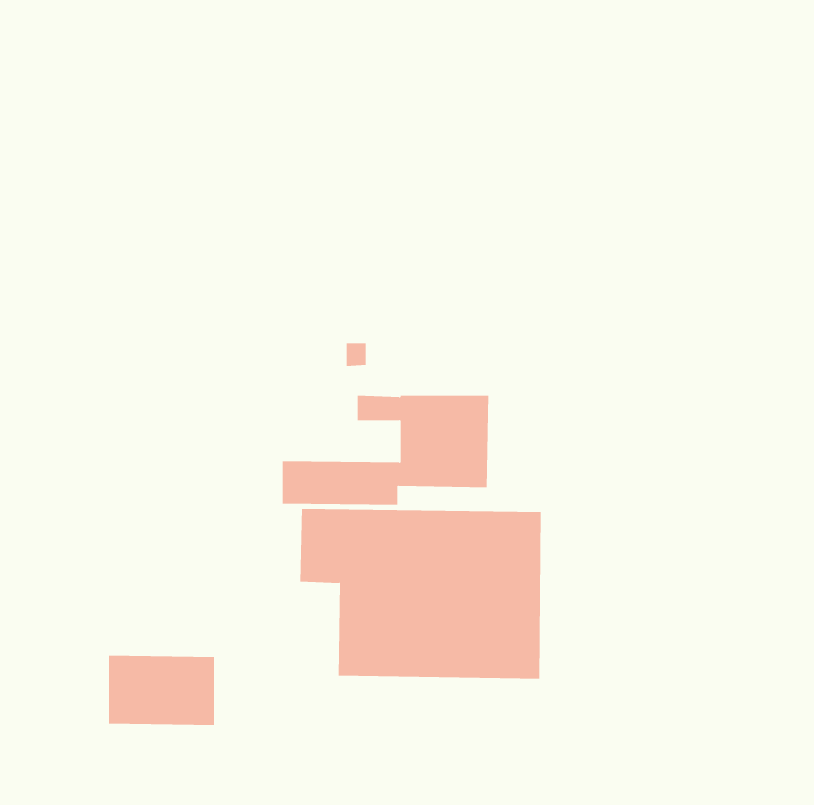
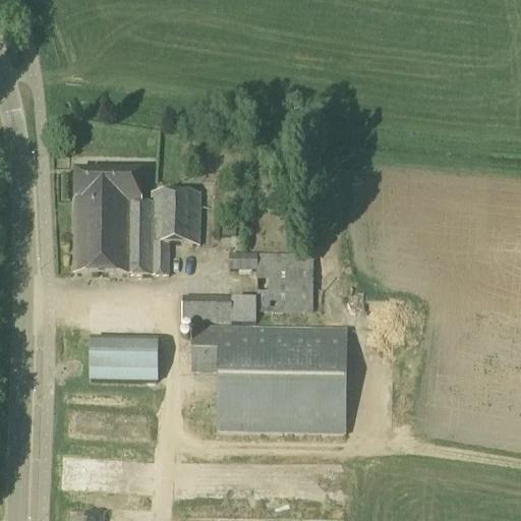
building: none -> [73,169,200,275]
building: [108,655,215,725] -> [89,336,157,381]

